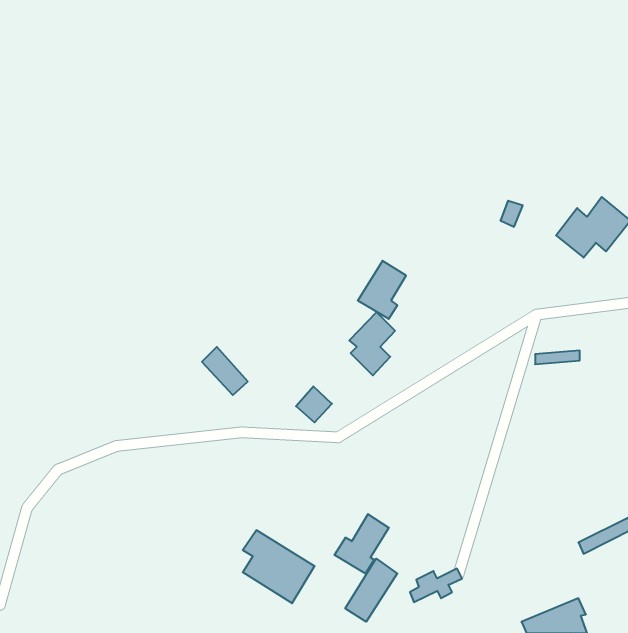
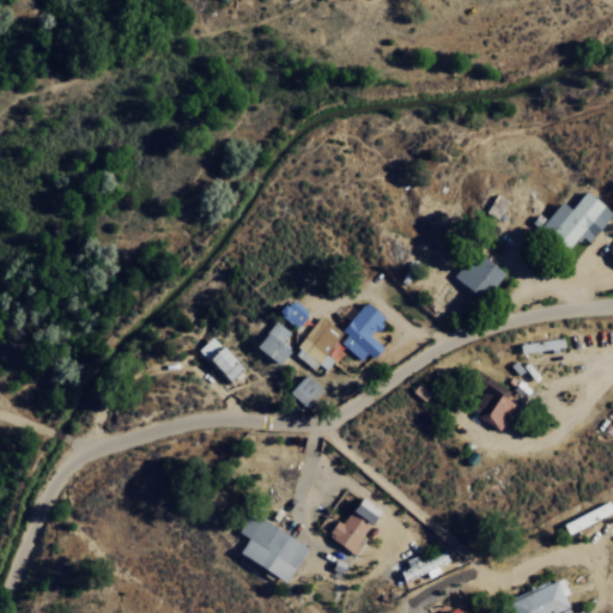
building: [358,261,406,319] -> [297,316,344,372]
building: none -> [456,253,504,299]
building: none -> [256,321,292,365]
building: none -> [485,395,517,429]
building: [345,559,397,622] -> none

